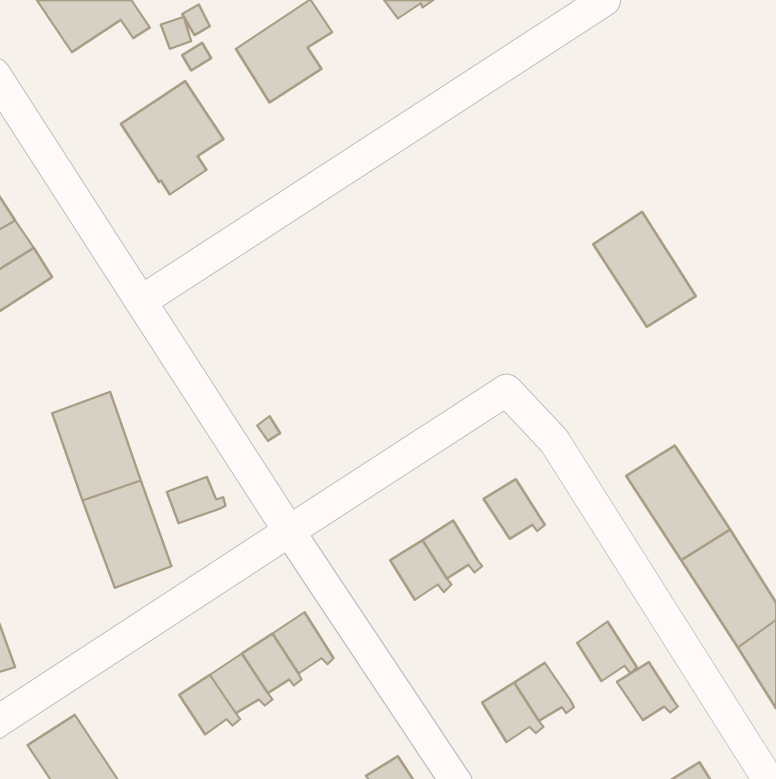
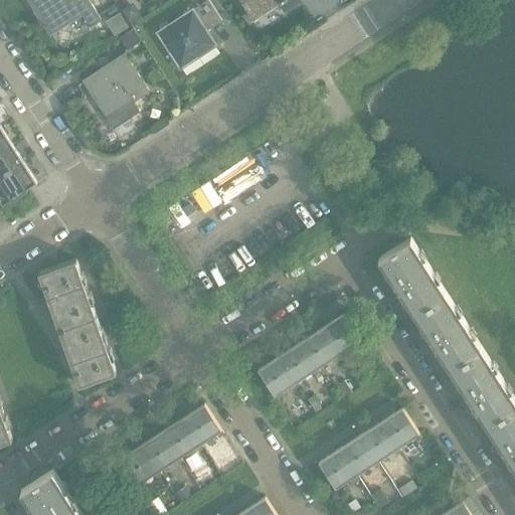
building: [593,212,696,327] -> [376,239,444,315]
building: [167,477,225,523] -> none
building: none -> [298,330,337,370]
building: [617,662,678,720] -> [358,424,398,463]

